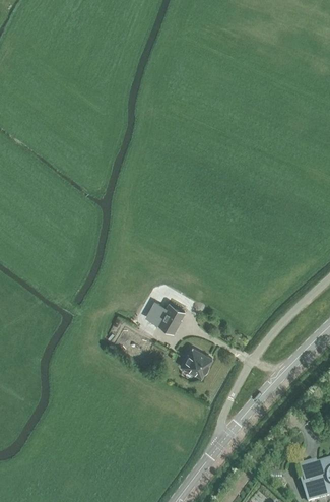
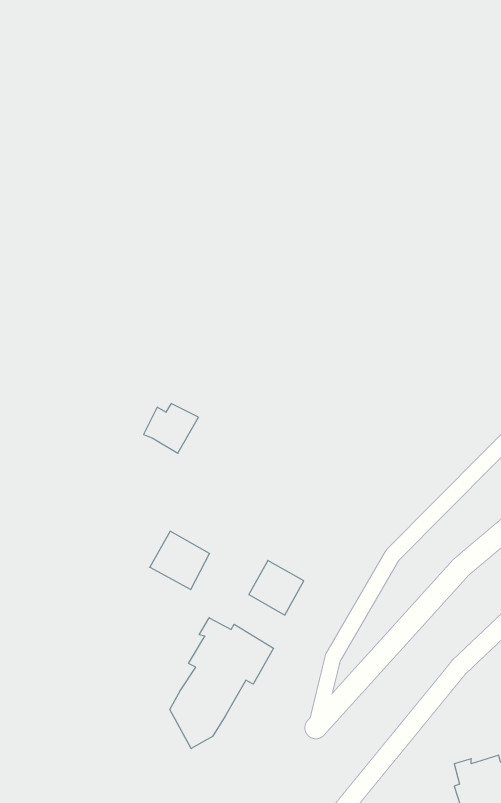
building: [150,303,183,332] -> [144,404,198,453]
building: none -> [170,618,274,749]

